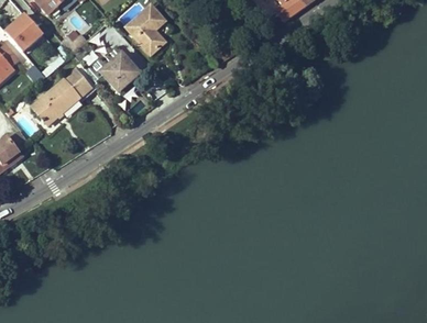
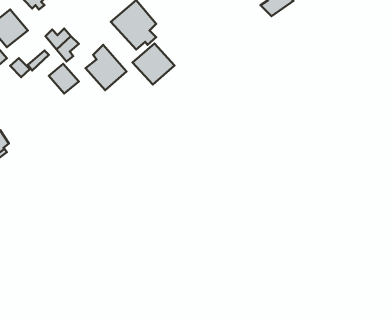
building: none -> [132,44,175,85]
building: [32,80,78,125] -> none

